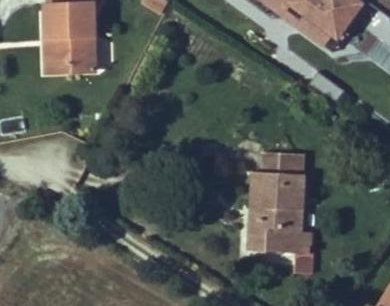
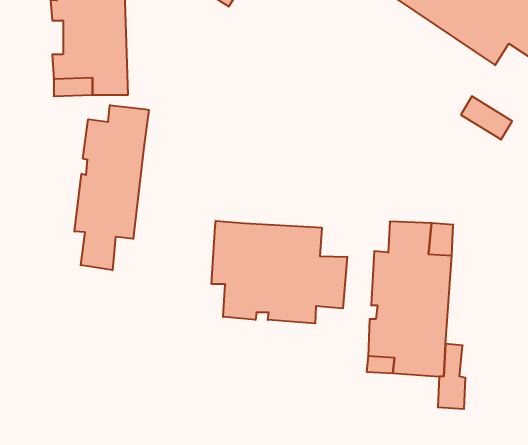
building: none -> [74,105,149,270]
building: none -> [212,221,347,323]

